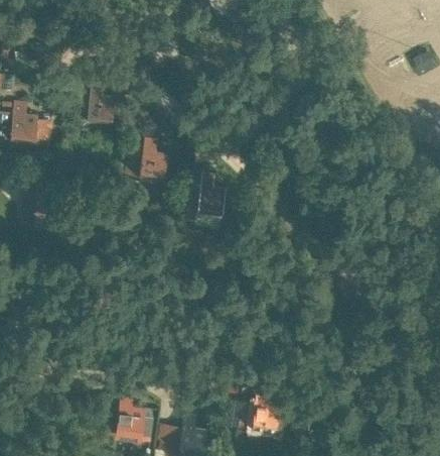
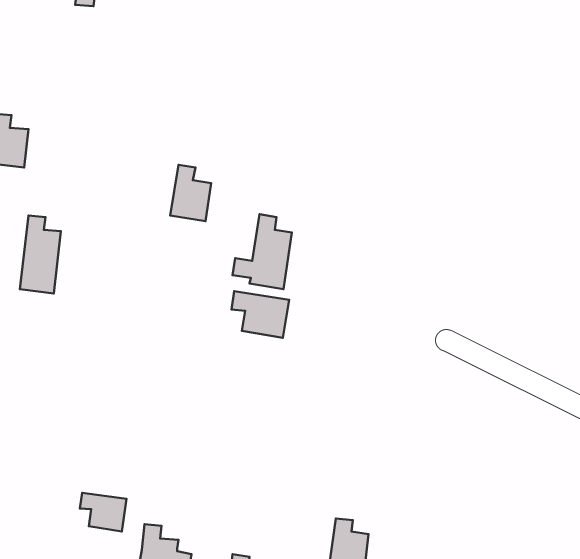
building: [87,86,115,125] -> none
building: none -> [231,291,289,338]
building: none -> [80,493,126,531]

